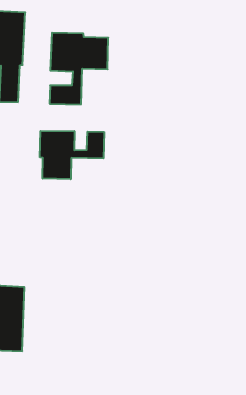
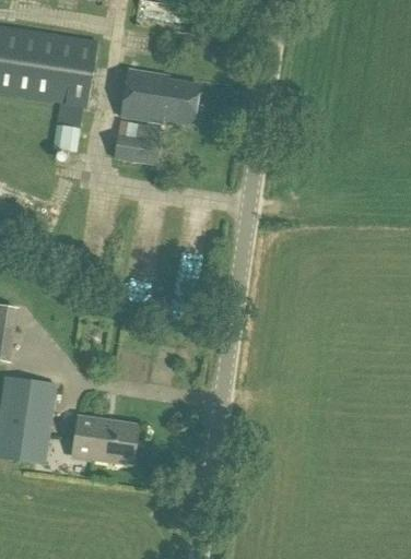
building: [40,131,104,179] -> none
building: none -> [73,416,139,465]

